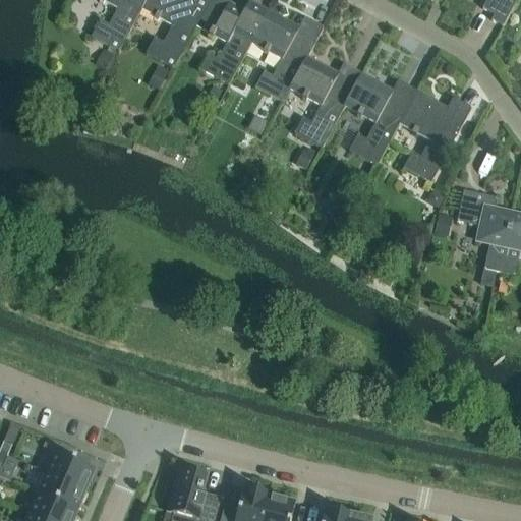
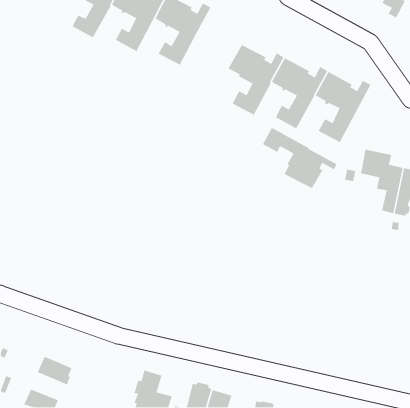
building: [251,9,324,101] -> none
building: none -> [262,127,338,190]
building: [33,468,86,506] -> none

